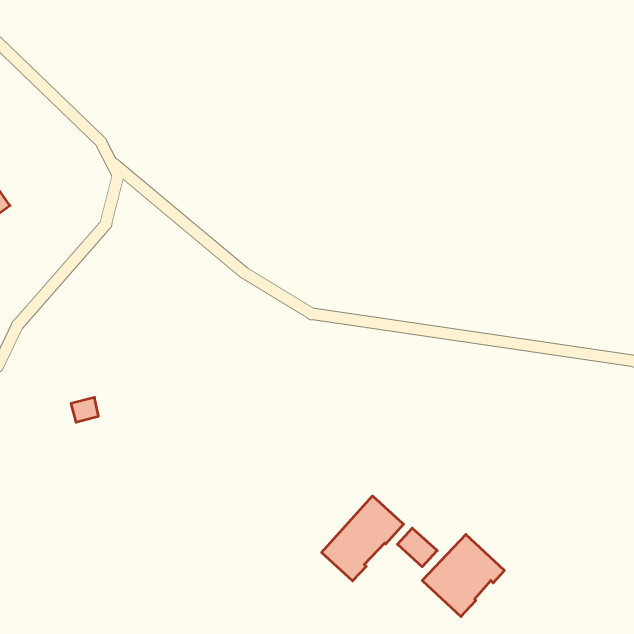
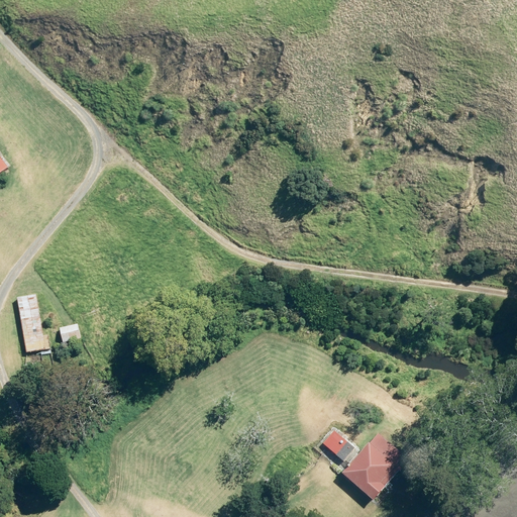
building: none -> [16,293,48,352]
building: [322,496,404,581] -> none

